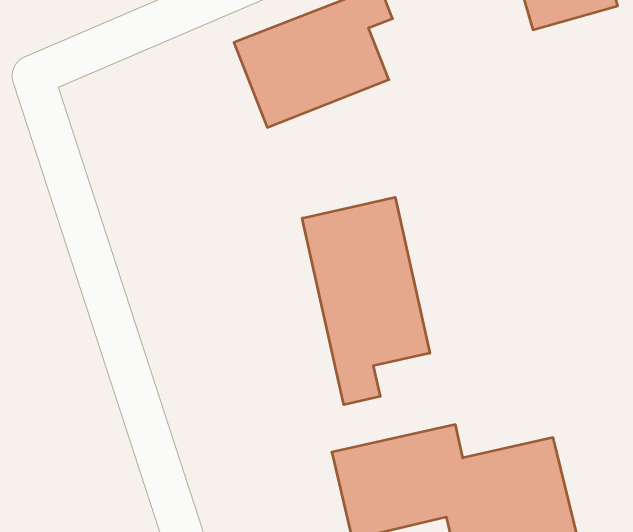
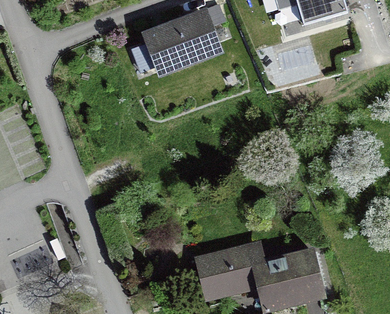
building: [302,197,430,405] -> none

